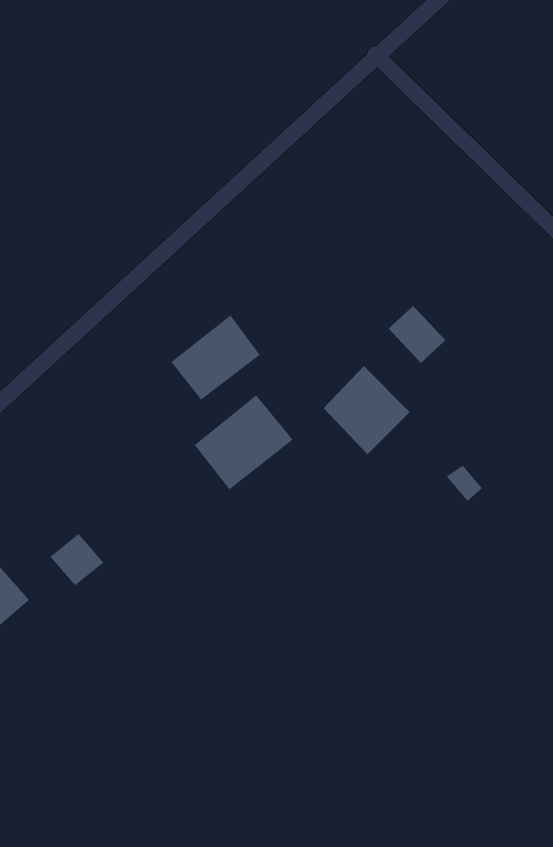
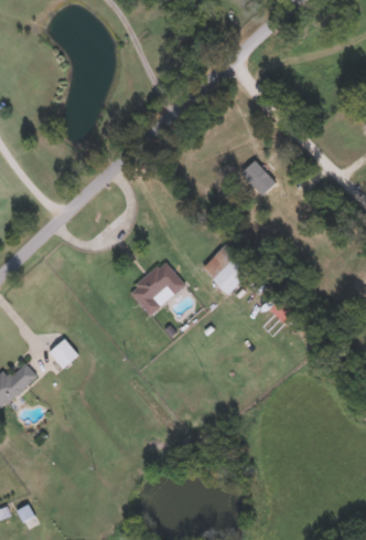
building: [388,305,446,364] -> [241,165,274,198]
building: [171,315,261,401] -> none

